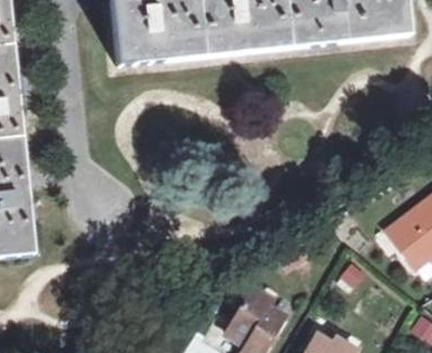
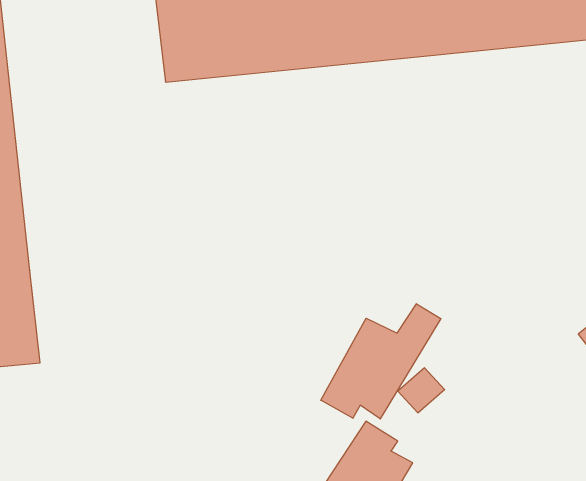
building: none -> [321,304,441,419]

